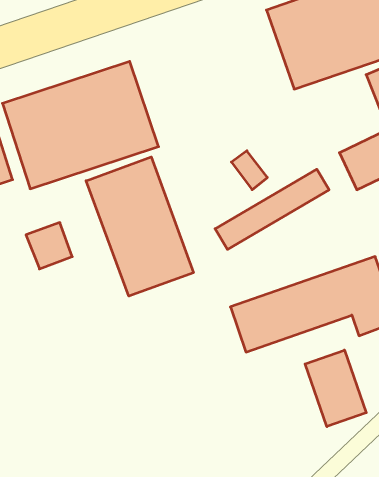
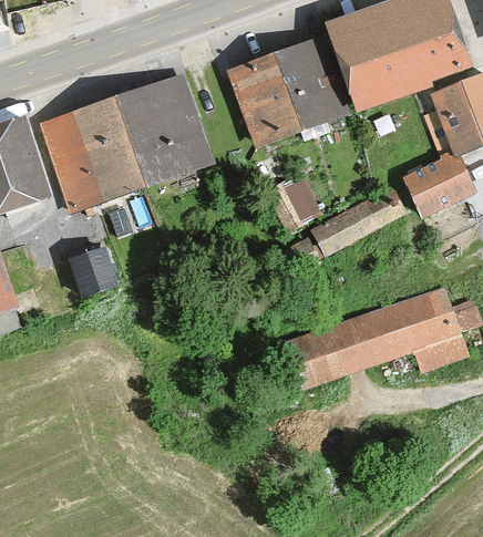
building: none -> [228,37,354,154]
building: [86,157,193,296] -> none
building: [305,350,366,427] -> none

